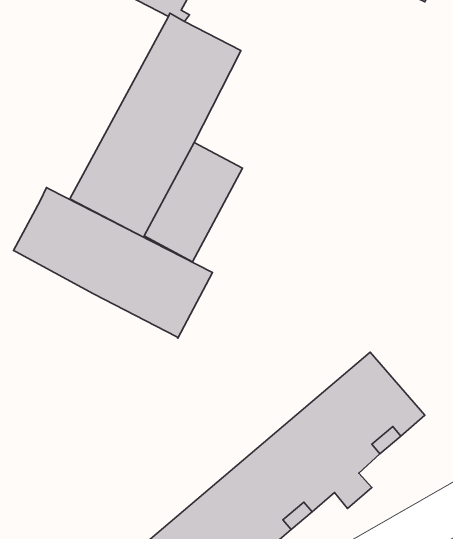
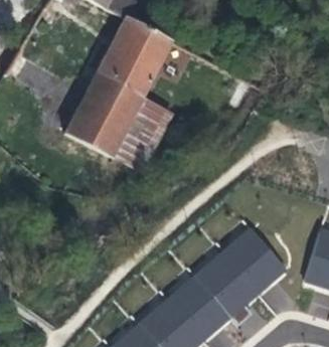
building: [13,188,212,338] -> none

